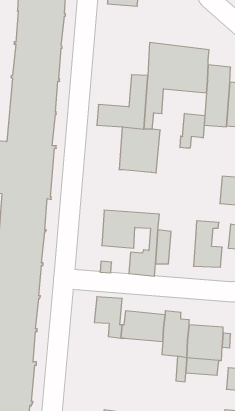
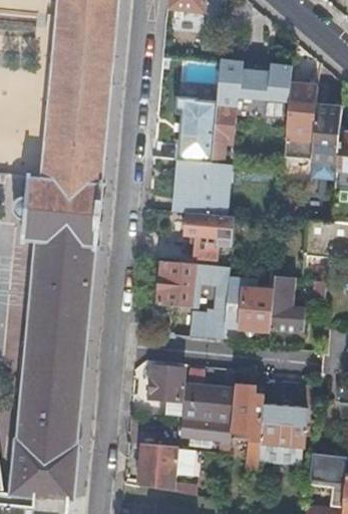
building: [180,113,205,148] -> none
building: none -> [183,211,219,259]
building: none -> [240,276,273,328]
building: none -> [184,416,233,450]
building: none -> [139,442,198,493]

